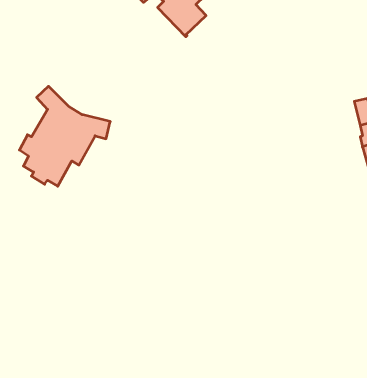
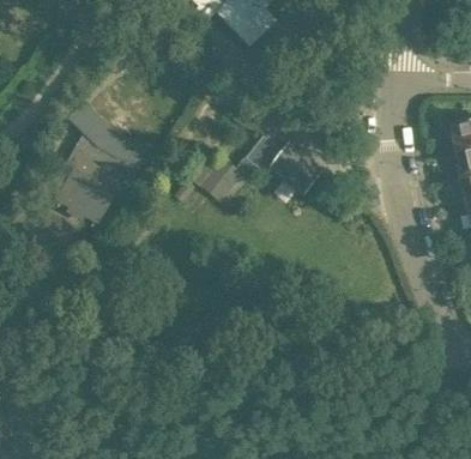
building: none -> [200,137,320,194]

